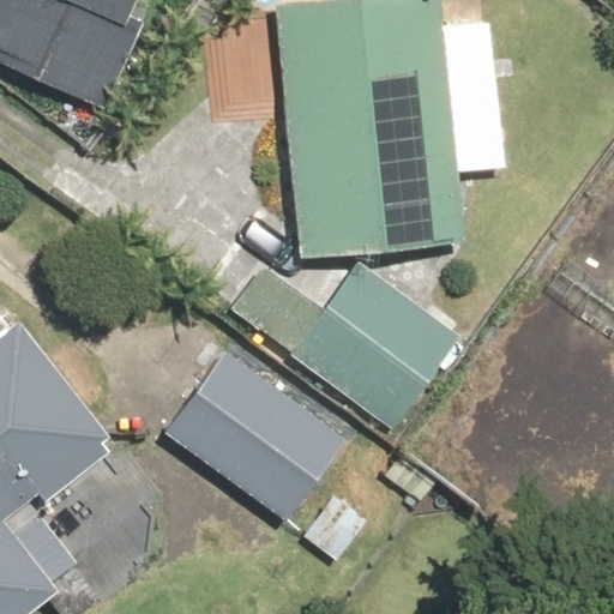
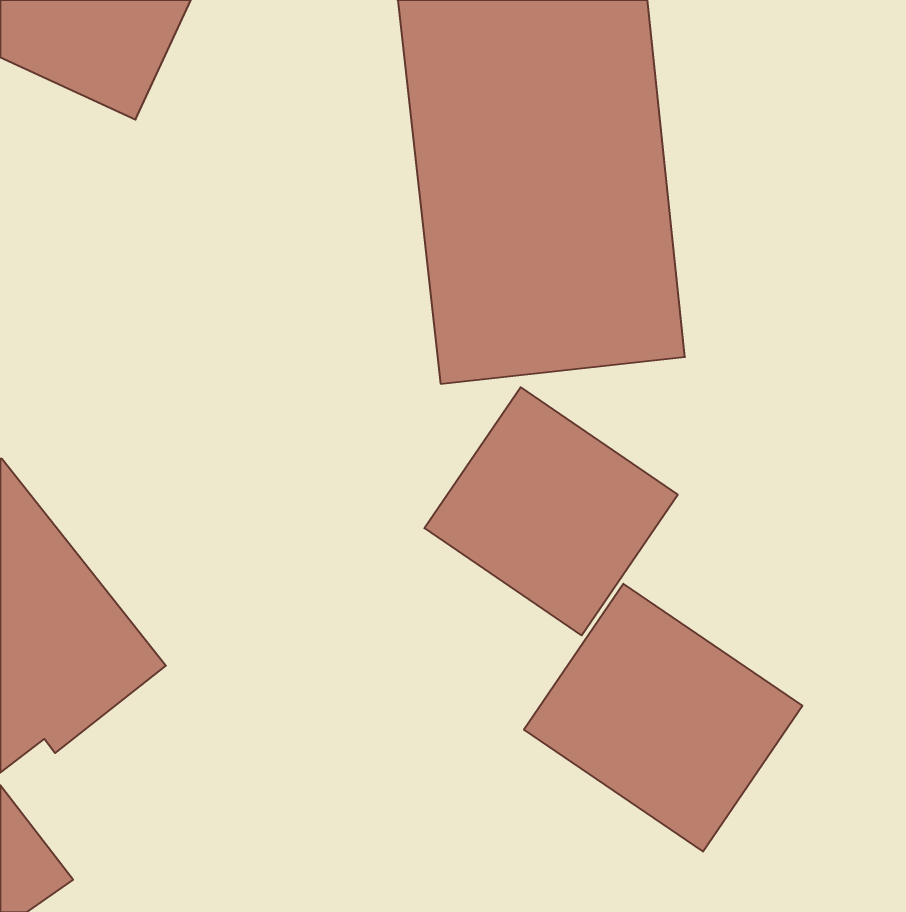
building: [158,344,374,560] -> none
building: none -> [524,584,802,852]

